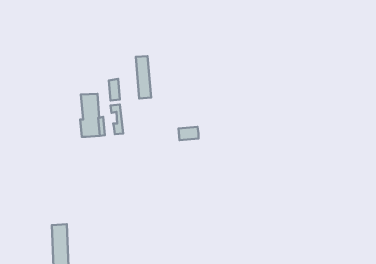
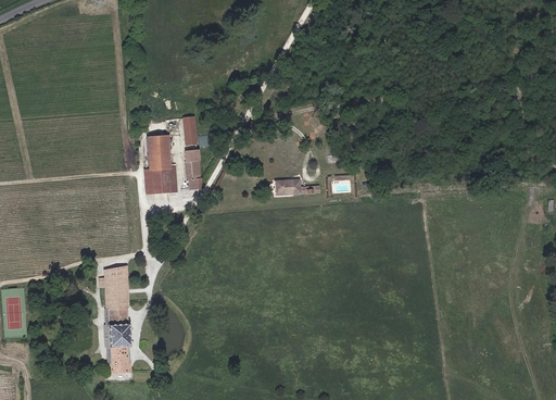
building: [136,56,151,98] -> none
building: none -> [100,266,127,308]

